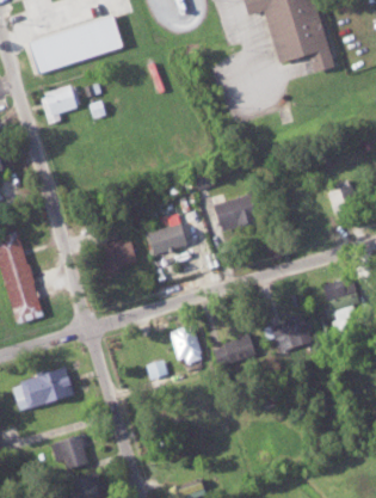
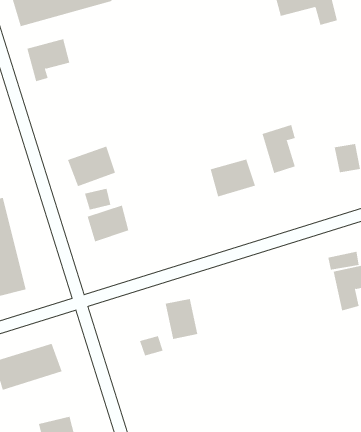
building: none -> [262,124,296,174]
building: [146,220,191,258] -> [67,146,116,187]
building: [264,313,314,351] -> none
building: [220,332,259,365] -> none

